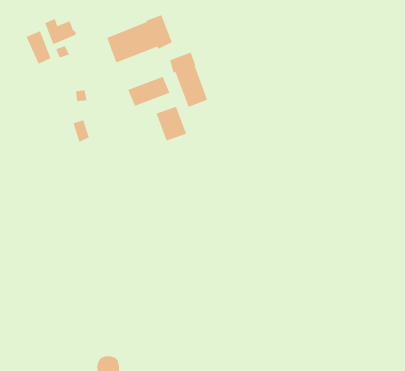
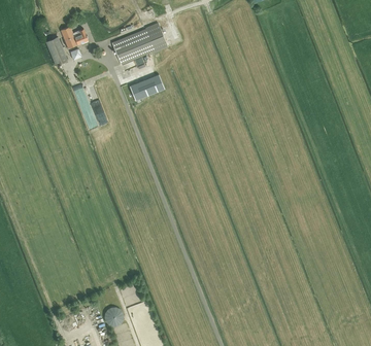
building: [169,52,208,108] -> none
building: [156,106,187,142] -> none

